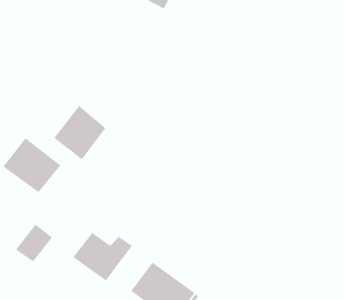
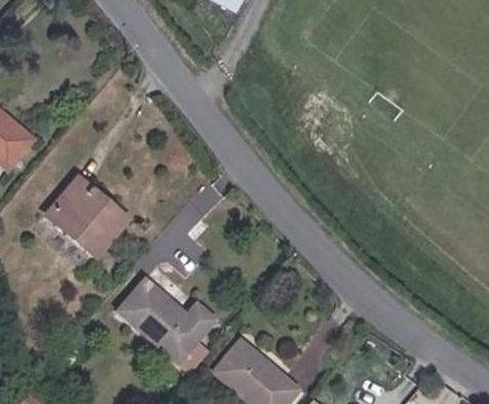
building: [53,105,106,160] -> none
building: [15,224,53,262] -> [112,284,160,333]

